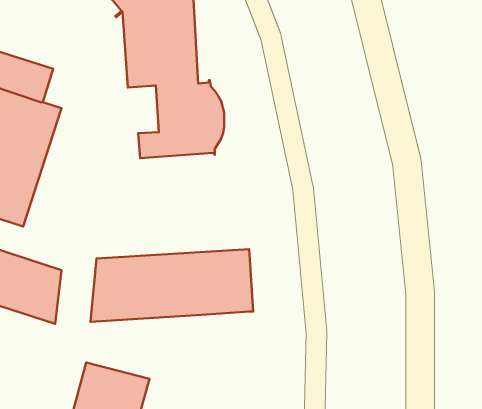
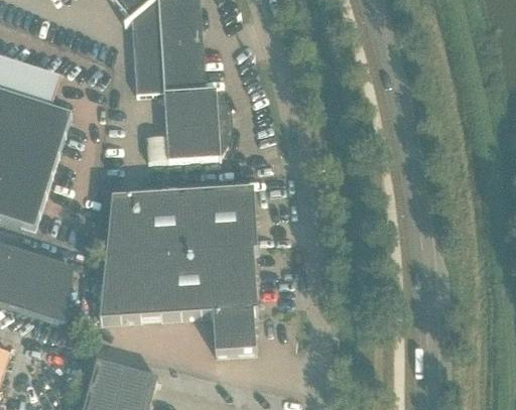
building: none -> [106,187,258,258]
building: none -> [213,309,256,353]

